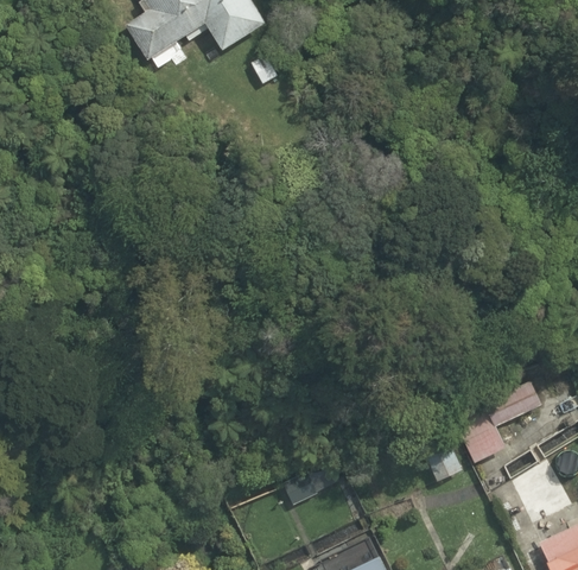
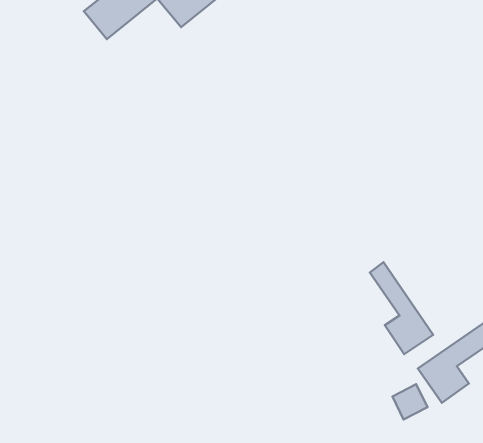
building: none -> [370,262,433,354]

